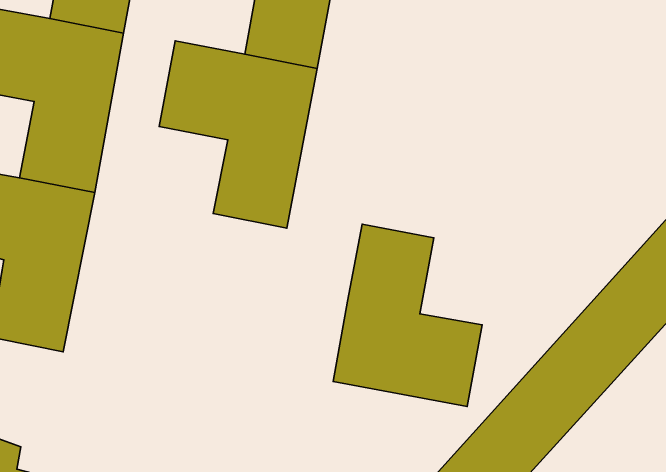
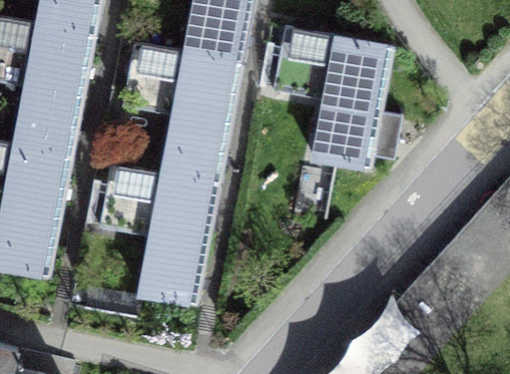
building: none -> [274,28,401,170]
building: none -> [98,163,218,307]
building: [333,224,482,407] -> none

